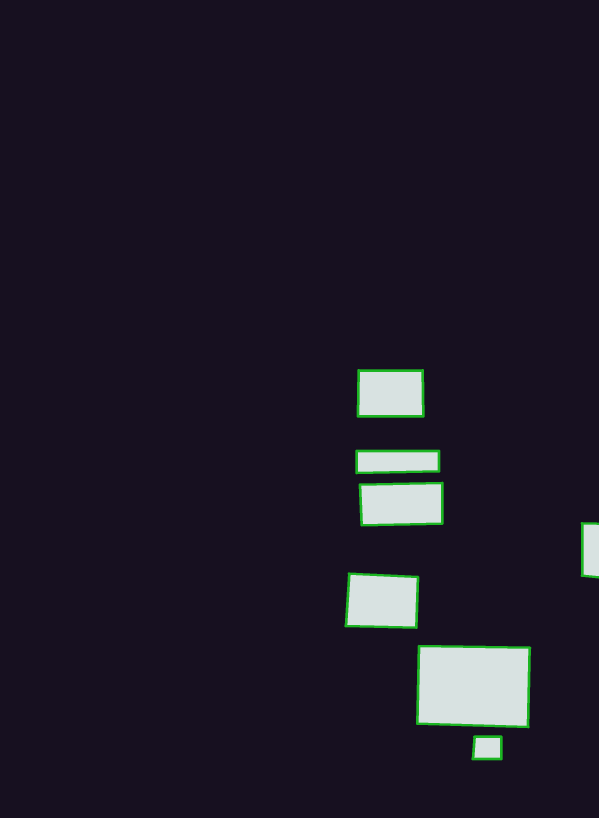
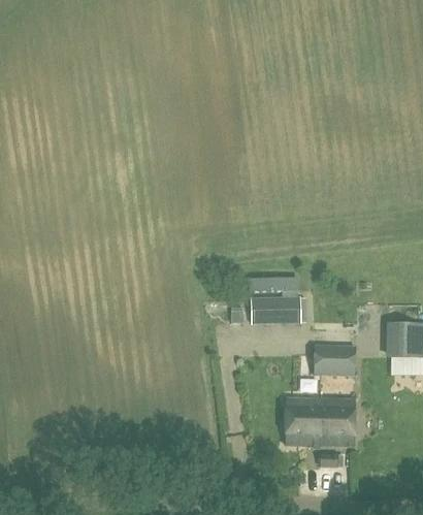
building: [358,370,423,416] -> none
building: [346,574,418,628] -> [313,344,357,377]

